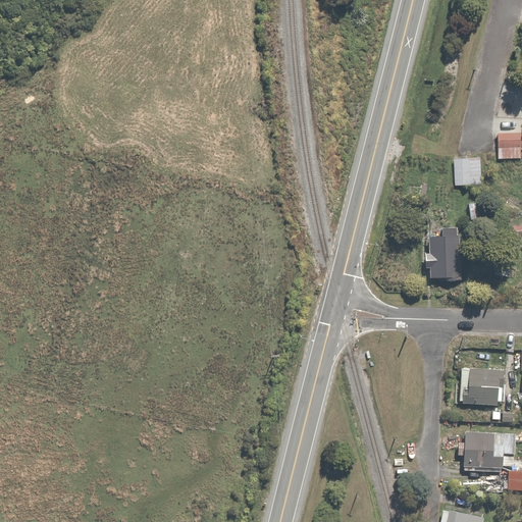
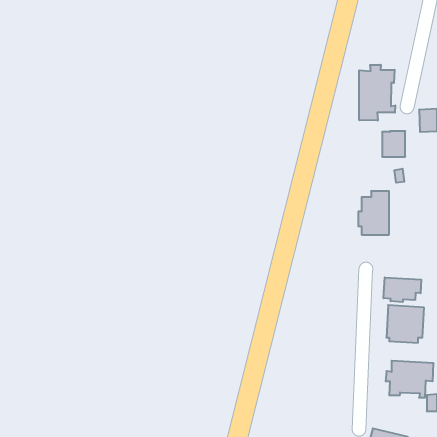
building: none -> [359,65,395,121]
building: none -> [384,277,421,302]

